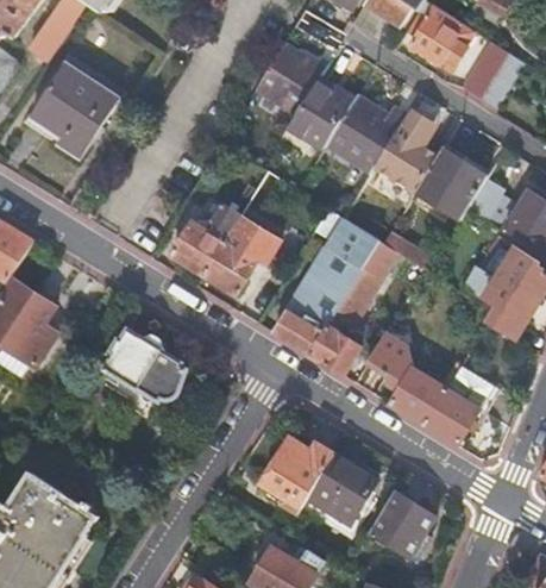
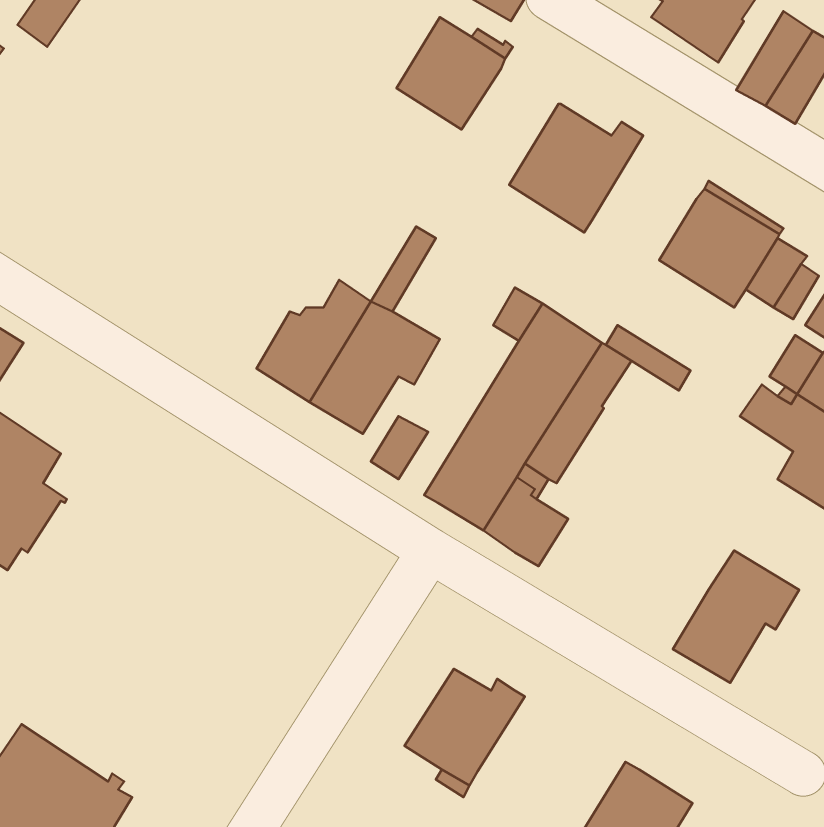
building: [30,63,119,158] -> none
building: [285,75,353,149] -> none
building: [374,108,437,190] -> none
building: [100,329,186,400] -> none
building: [364,332,444,425] -> none
building: [305,453,375,525] -> none

